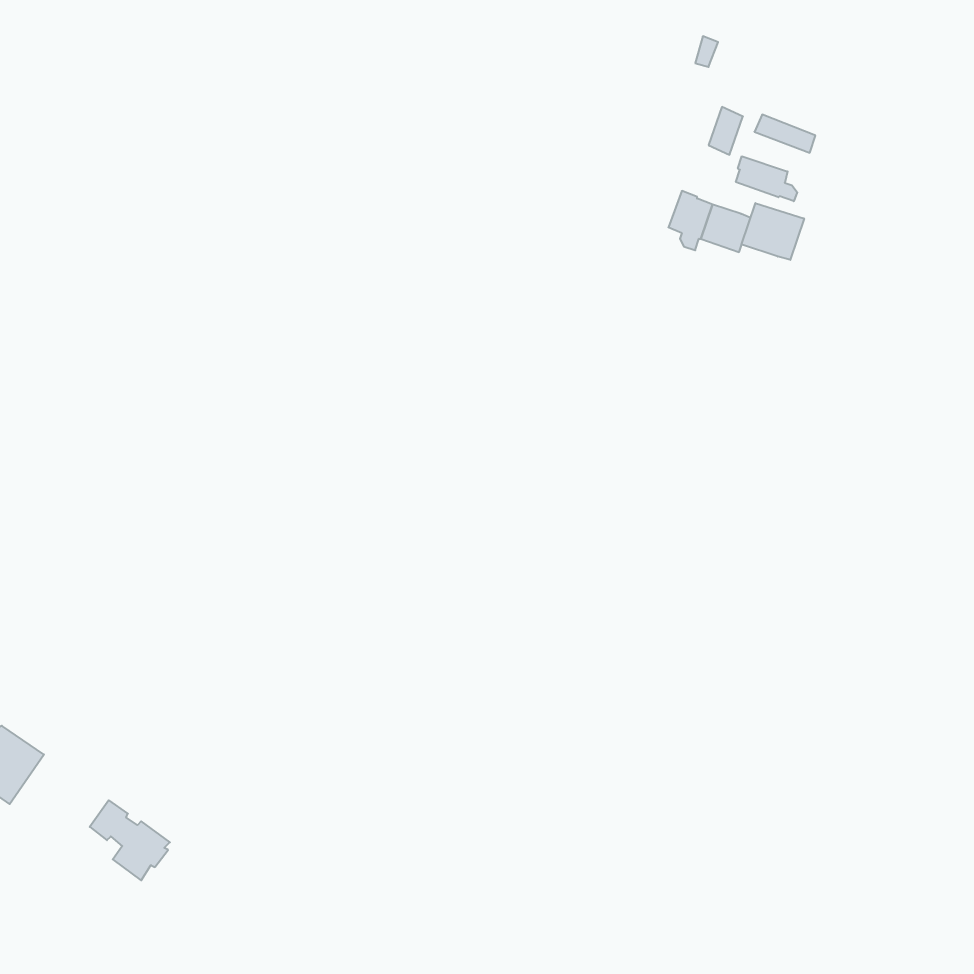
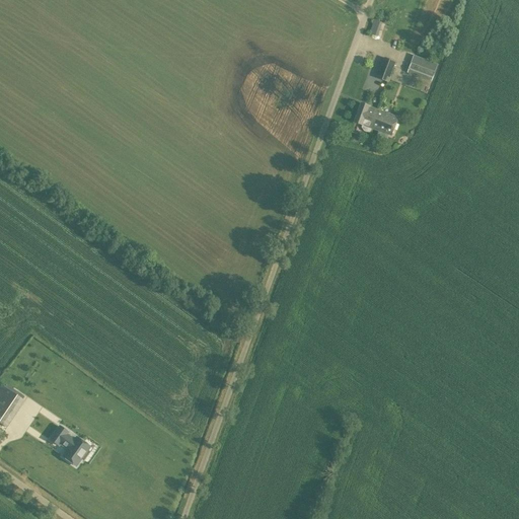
building: [736,156,797,201] -> none
building: [742,203,804,260] -> none

